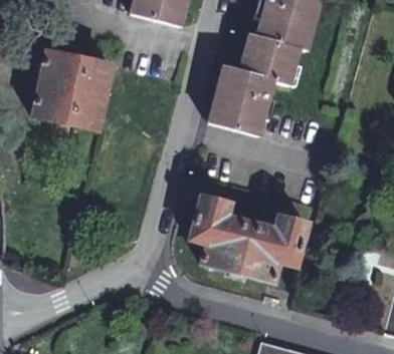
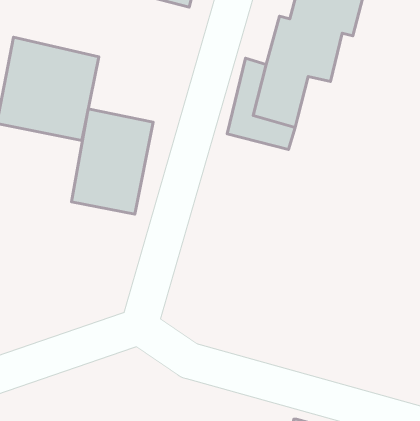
building: none -> [72,109,153,214]
building: [190,195,309,281] -> none

